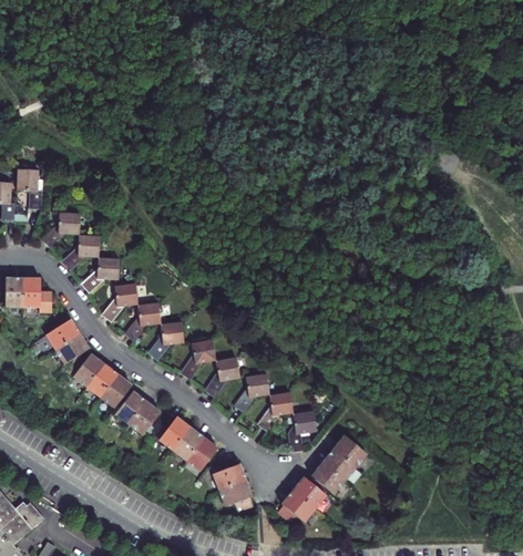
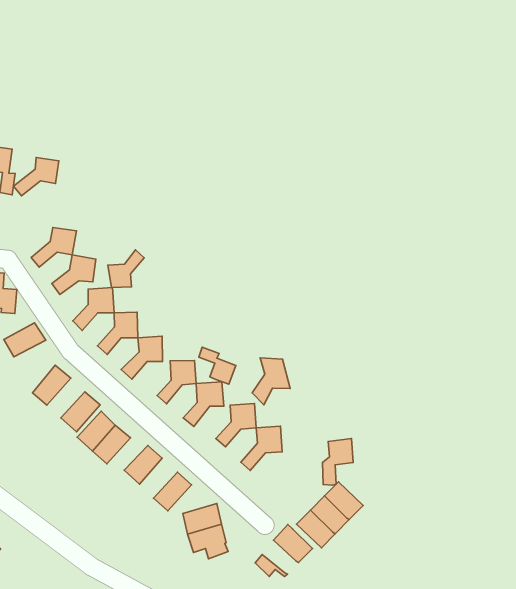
building: [41,213,79,247] -> [13,158,59,196]
building: none -> [108,250,144,287]
building: none -> [199,347,236,384]
building: none -> [252,358,290,405]
building: [53,332,89,364] -> none
building: [85,363,117,399] -> none
building: [290,408,317,450] -> [323,438,353,485]
building: [172,426,204,462] -> none
building: [281,490,316,518] -> none

